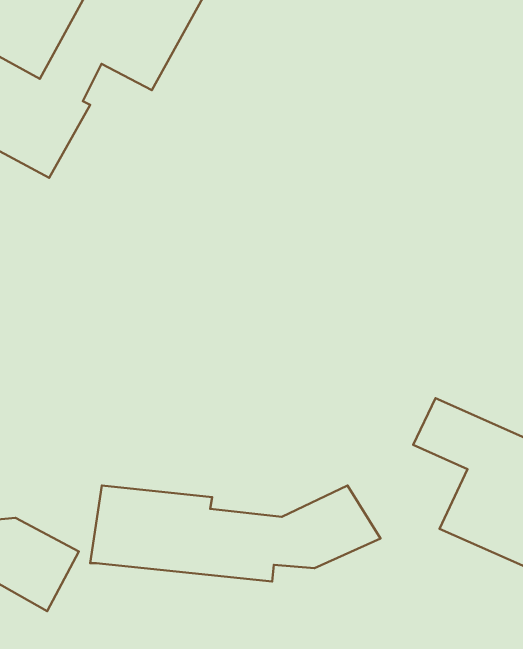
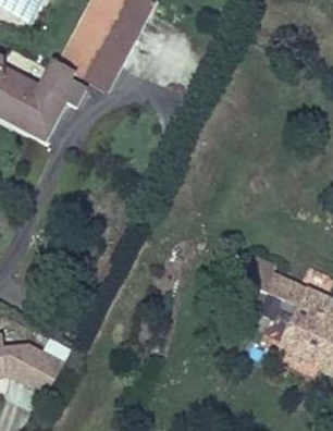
building: [90,486,380,581] -> none

